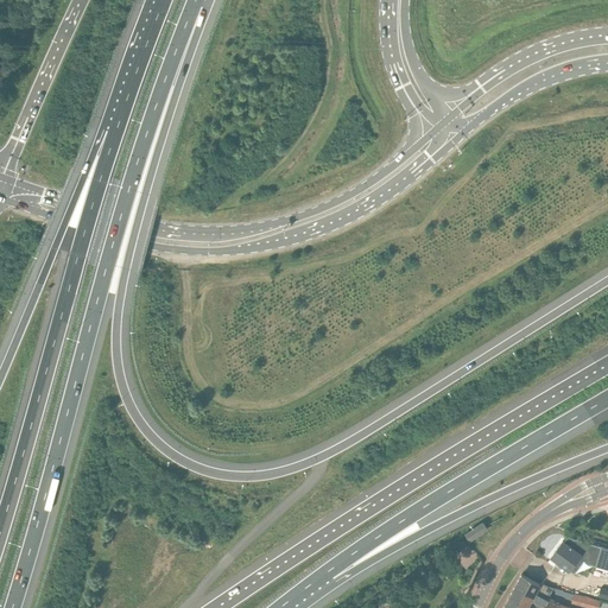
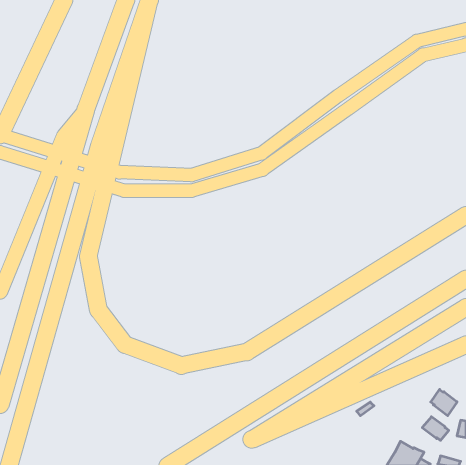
building: none -> [431,389,457,416]

